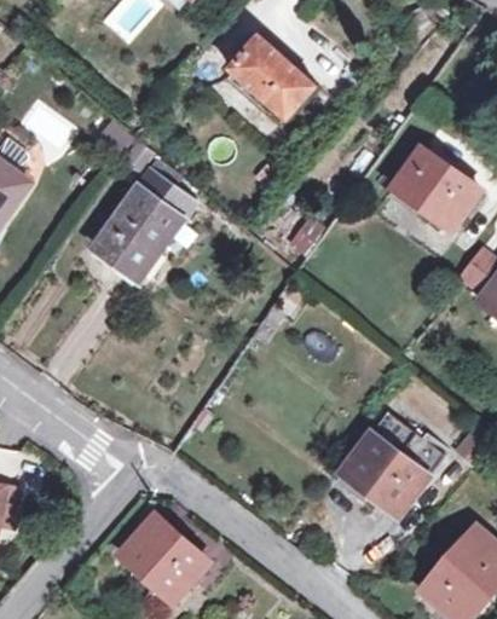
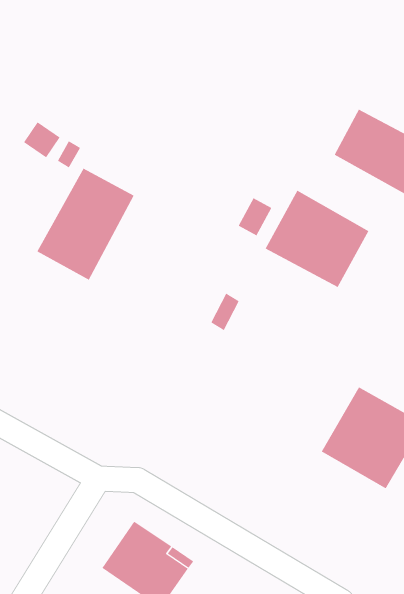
building: [231,37,314,118] -> none
building: none -> [265,190,369,288]

